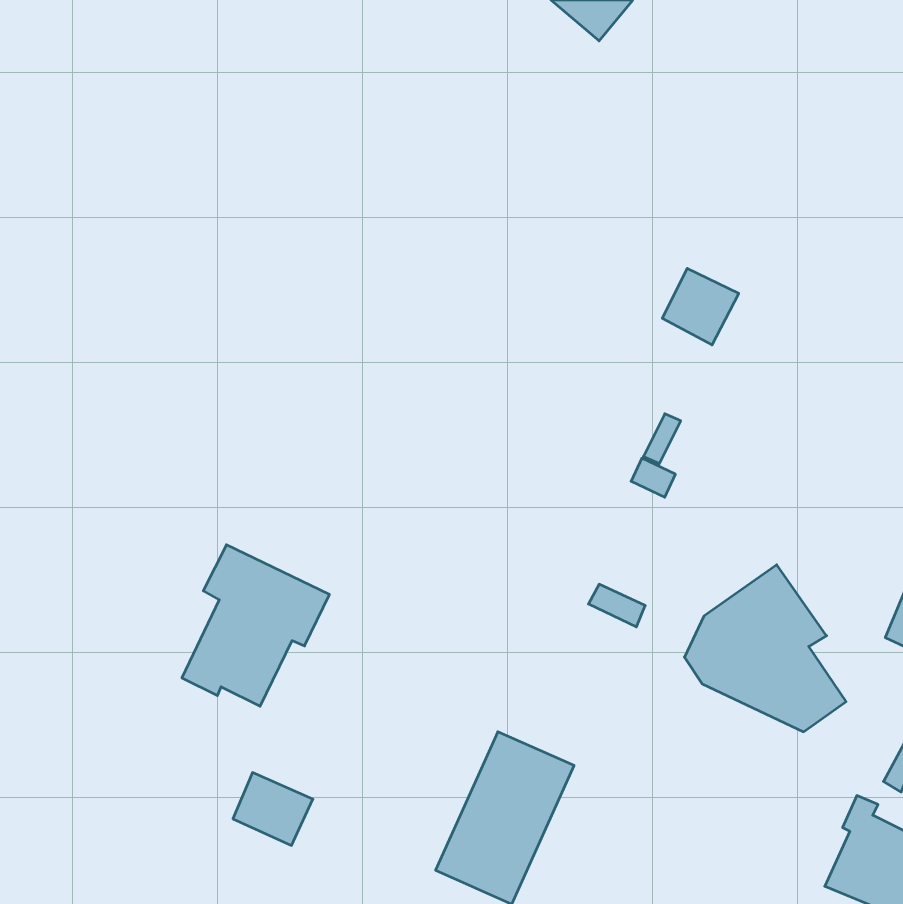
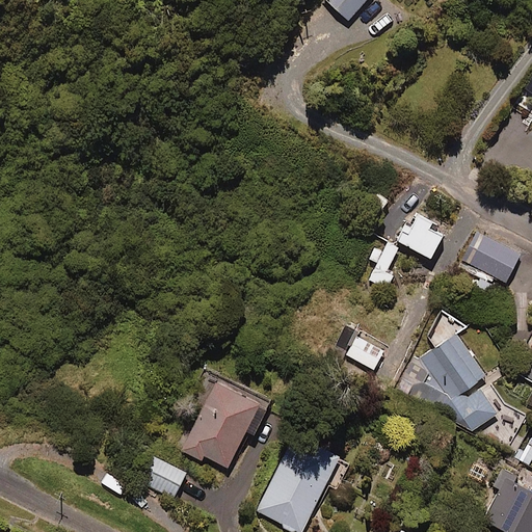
building: [662,268,739,345] -> [404,217,449,262]
building: none -> [470,235,521,282]
building: [182,545,329,706] -> [181,370,267,464]

